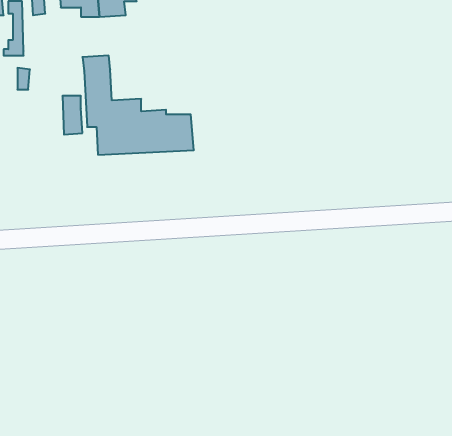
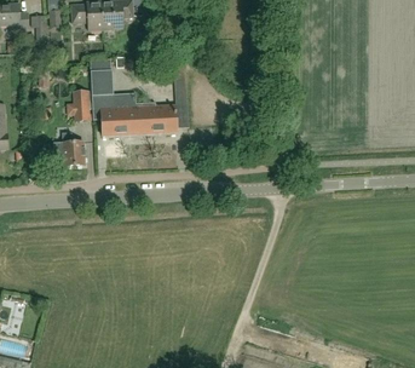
building: none -> [54,132,85,165]

